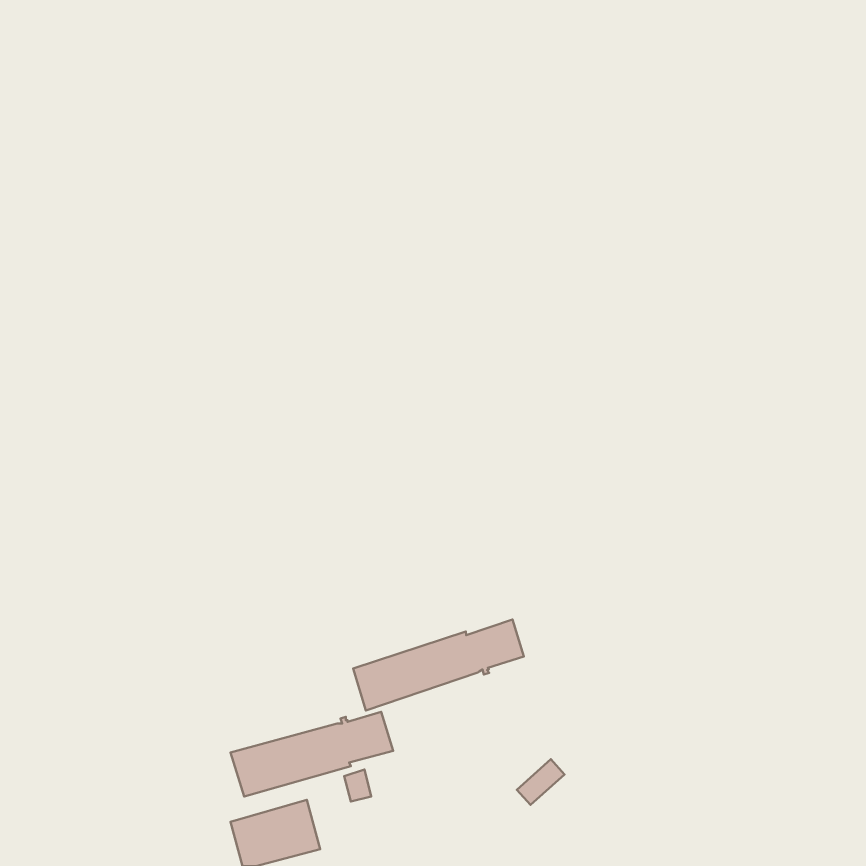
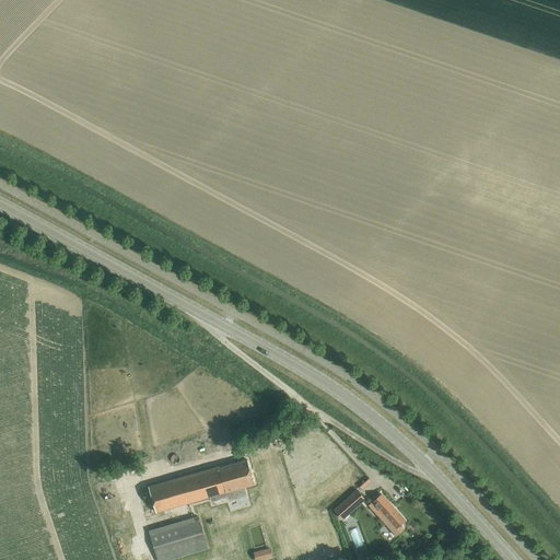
building: [353,619,524,711] -> none
building: none -> [372,493,405,536]

